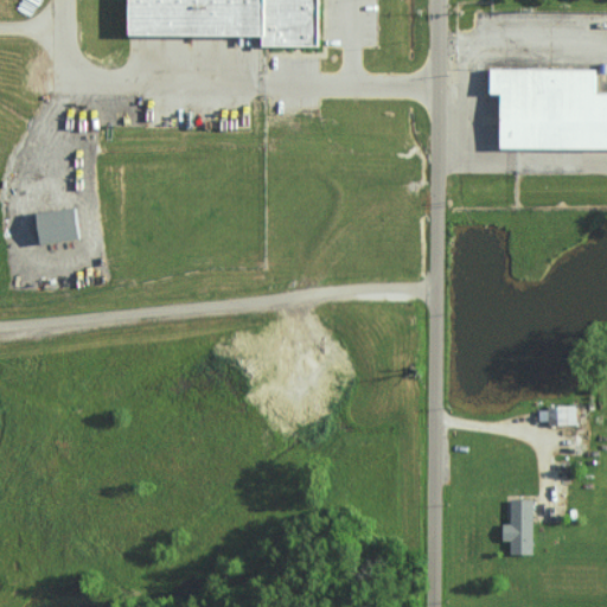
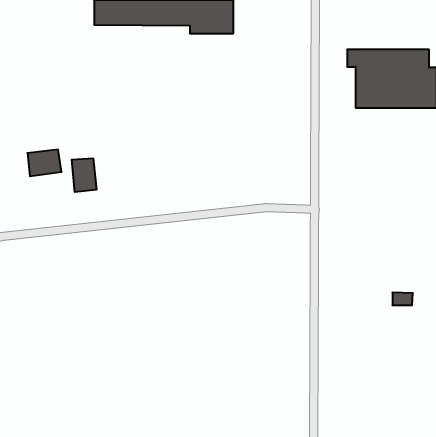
building: none -> [72,158,96,192]
building: [499,499,530,555] -> none

